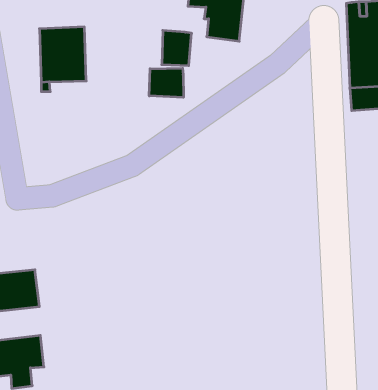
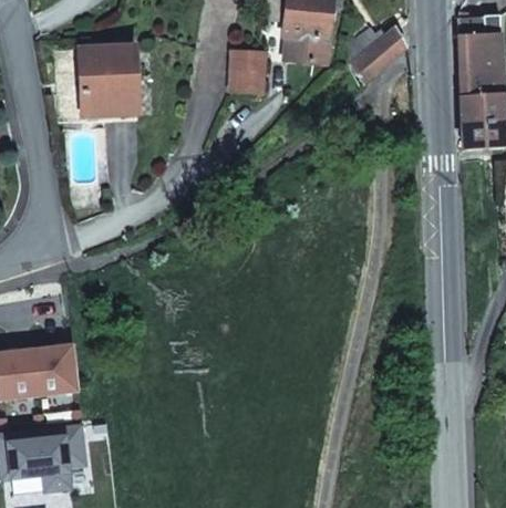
building: none -> [351,27,405,82]
building: [149,68,183,97] -> none

